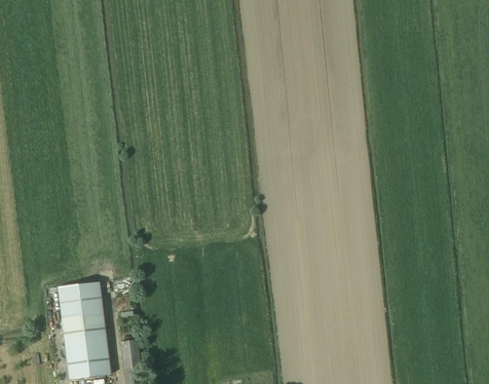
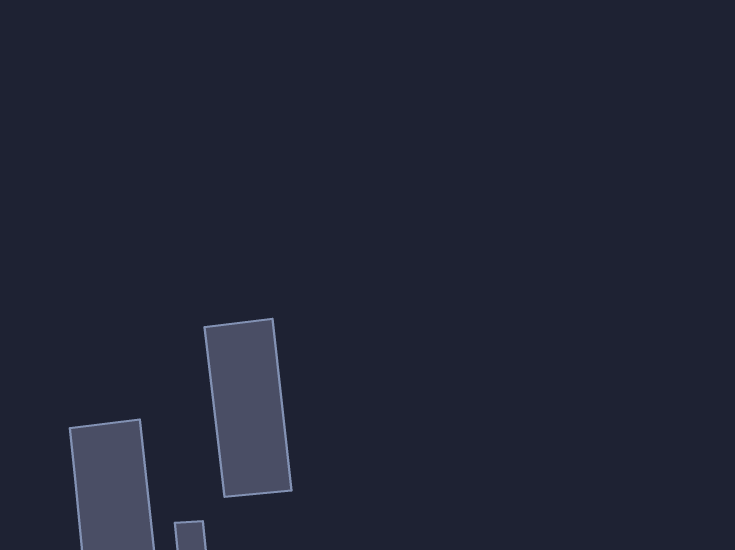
building: none -> [205,319,291,497]

